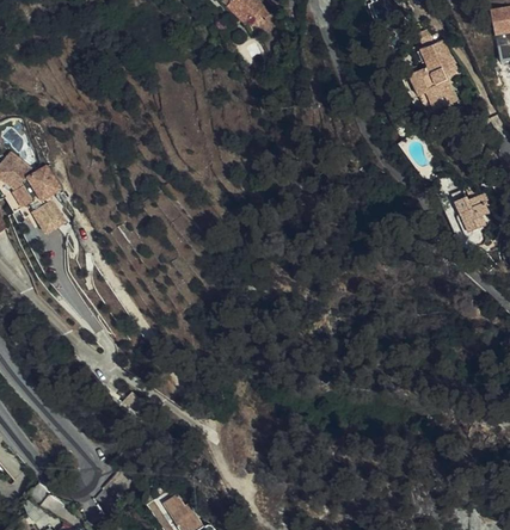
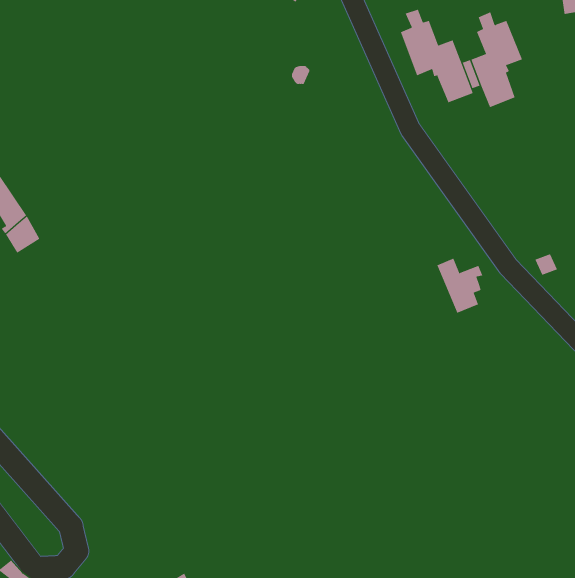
building: none -> [400,9,473,103]
building: [450,186,489,232] -> [436,258,483,313]

